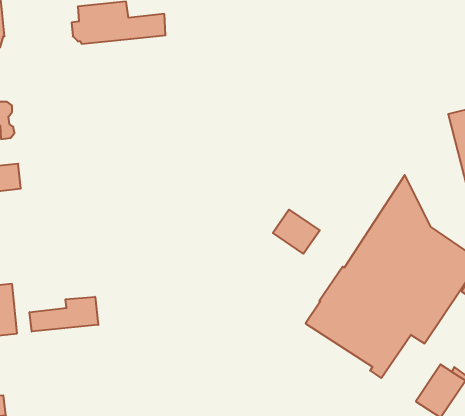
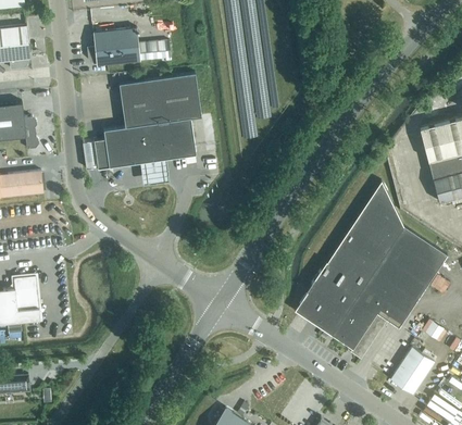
building: none -> [95,74,202,168]
building: [273,210,320,254] -> none
building: [30,297,98,332] -> none

